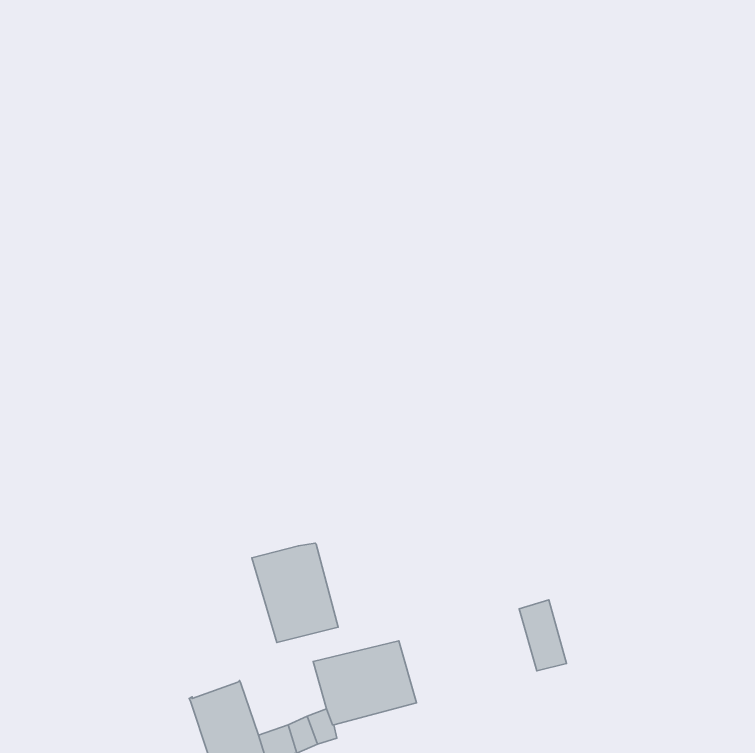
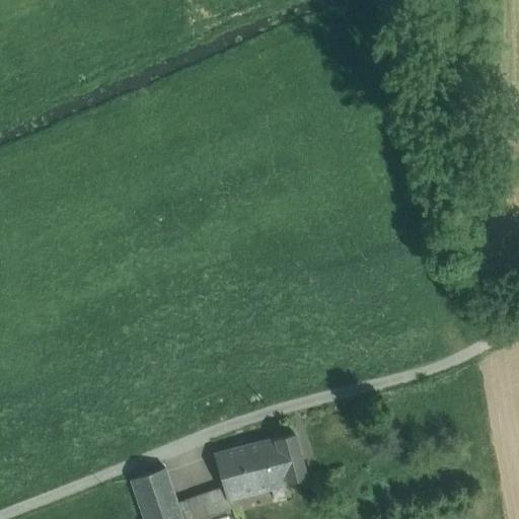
building: [252,543,338,643] -> none
building: [519,600,566,671] -> [274,435,306,484]

